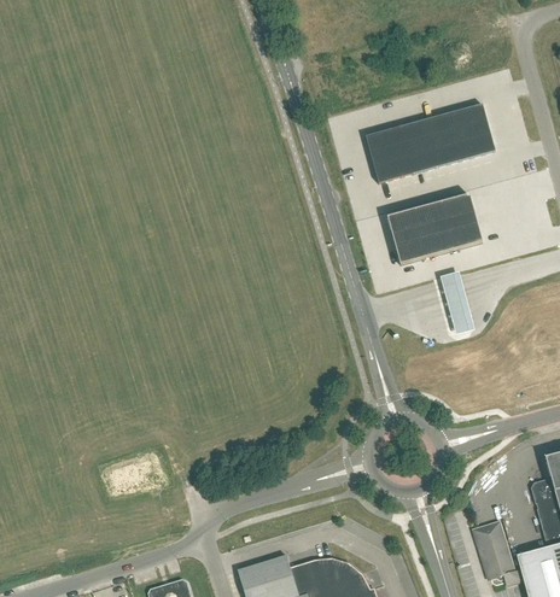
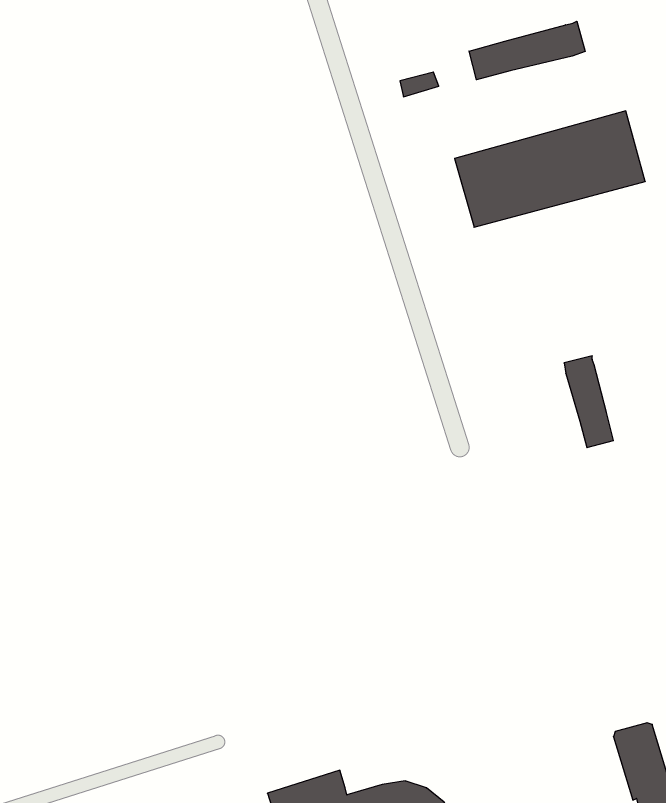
building: none -> [469,21,585,80]
building: [389,194,483,264] -> none

